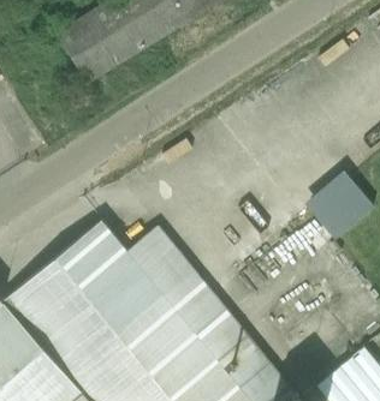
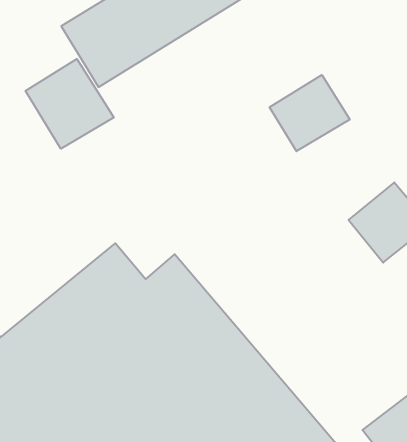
building: none -> [26,59,114,149]
building: none -> [270,75,350,151]

